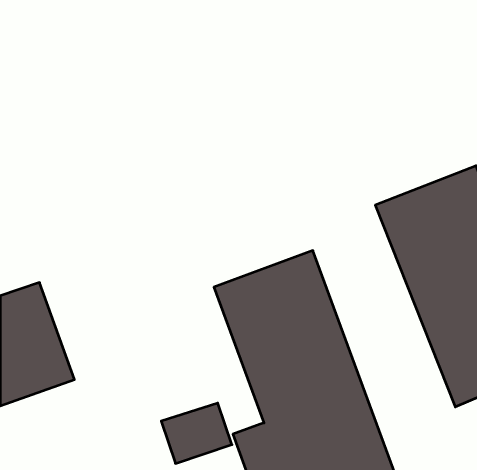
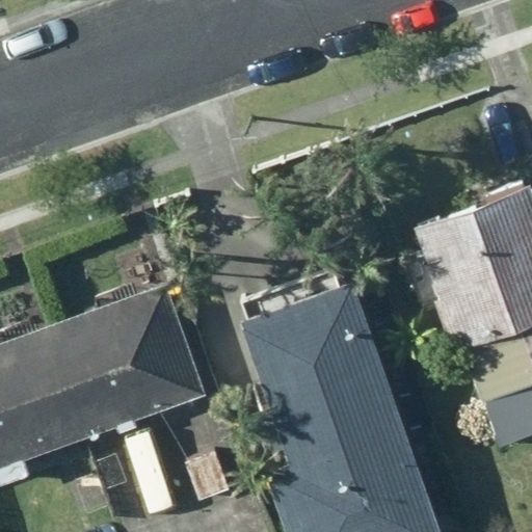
building: none -> [49,283,206,431]

